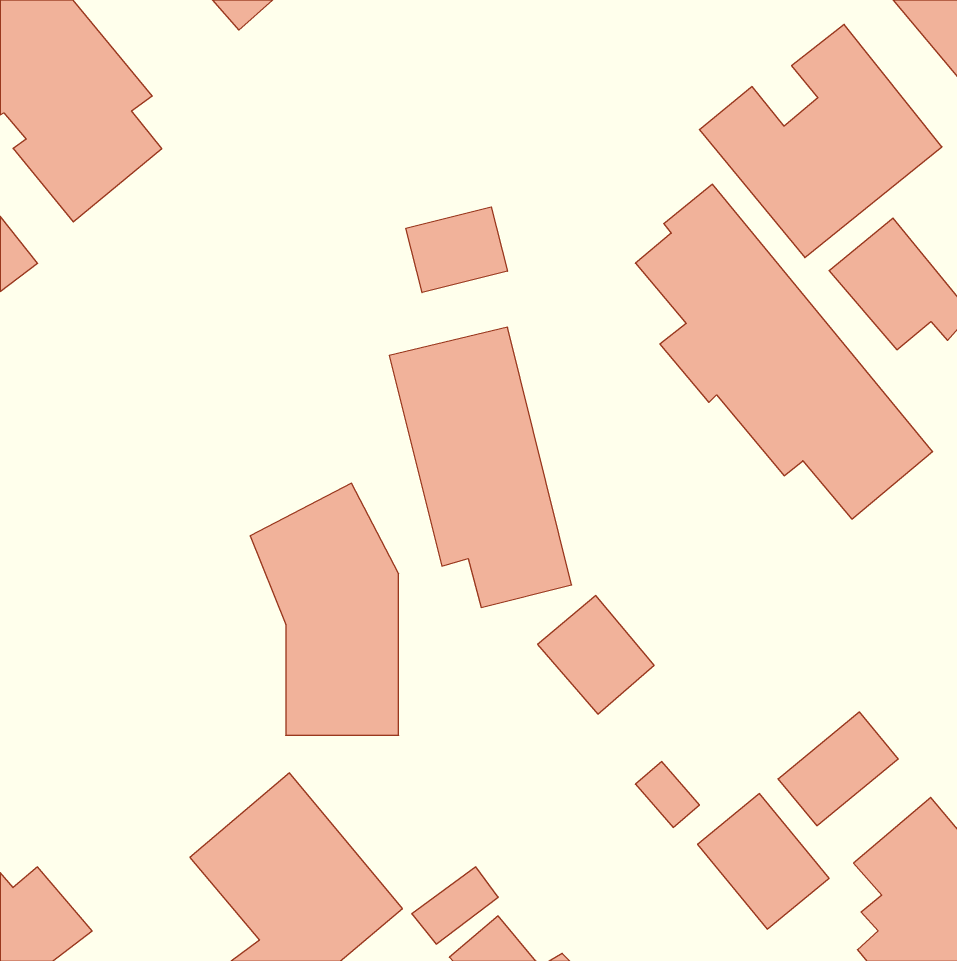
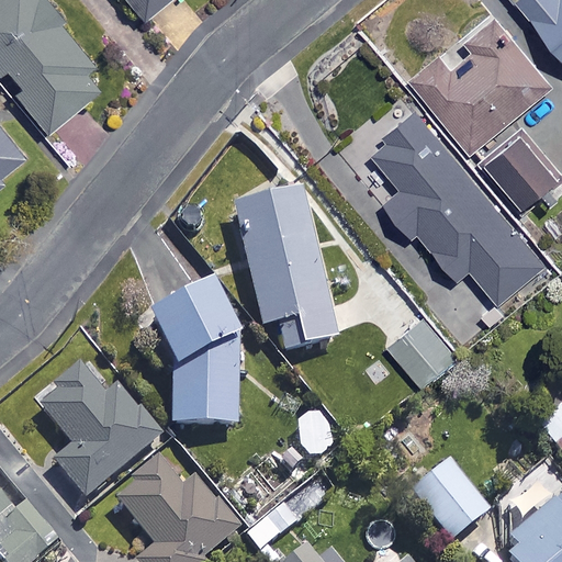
building: [406,207,507,293] -> none
building: [538,596,654,714] -> [390,317,458,386]
building: none -> [37,372,158,502]
building: [778,712,898,826] -> none

